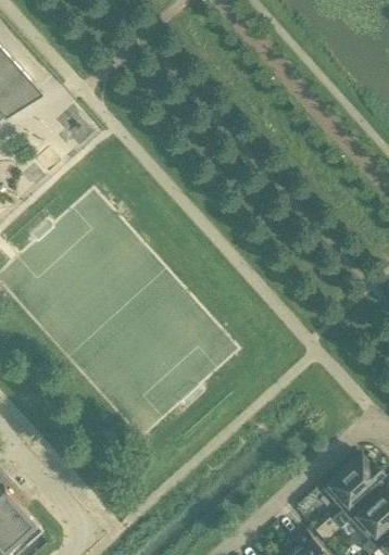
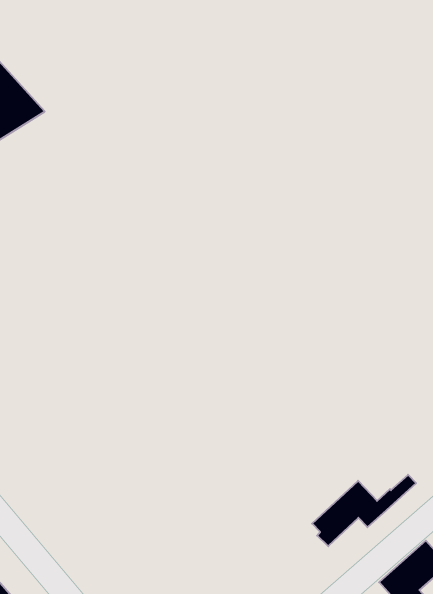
building: none -> [312,475,416,546]

